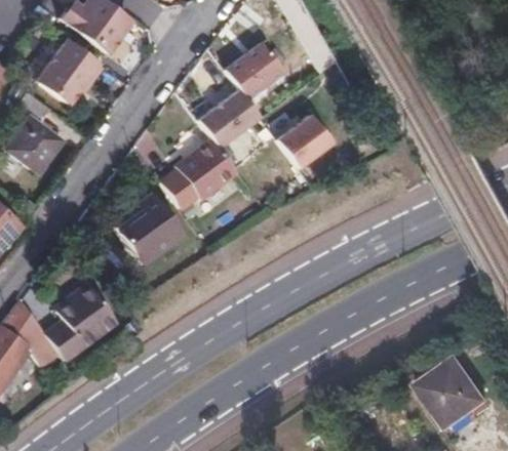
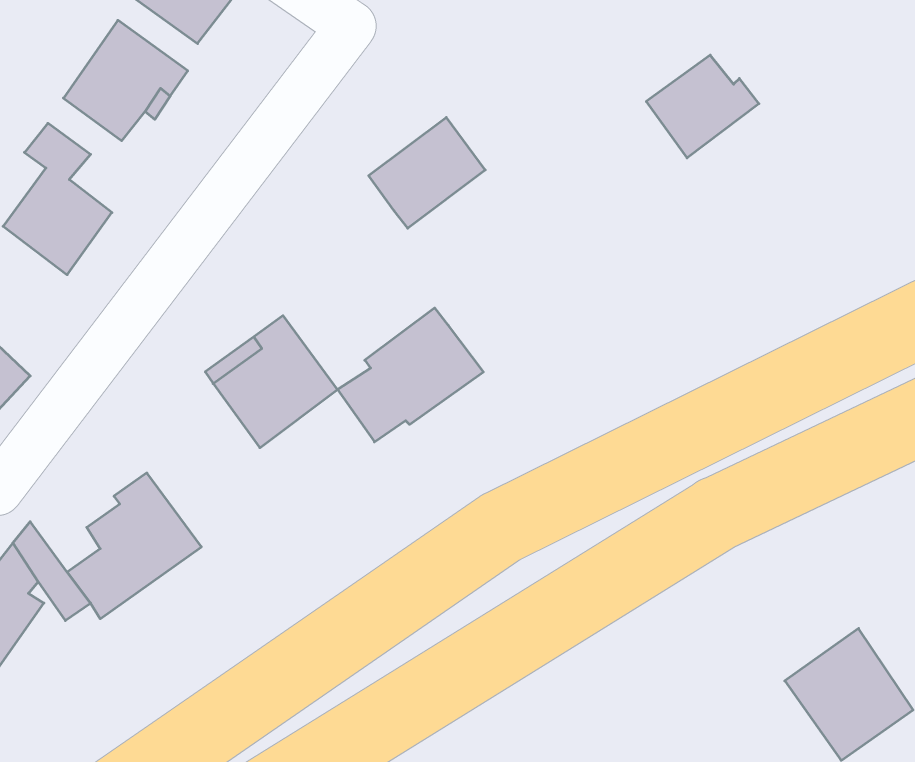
building: [220,35,284,99] -> none
building: [277,116,337,170] -> [646,55,759,158]
building: [161,139,238,210] -> [338,308,483,442]

